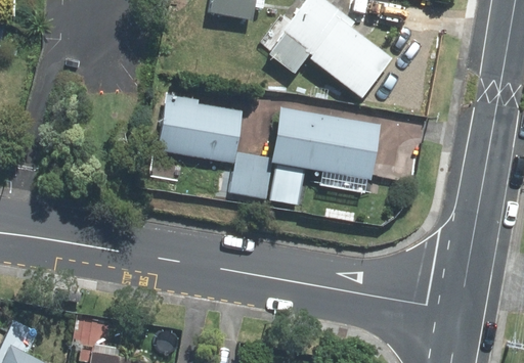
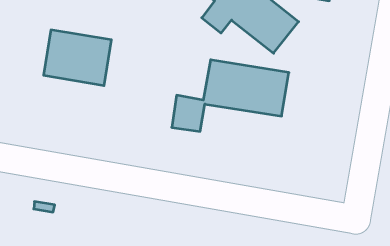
building: [158,92,244,163] -> [44,30,111,86]

